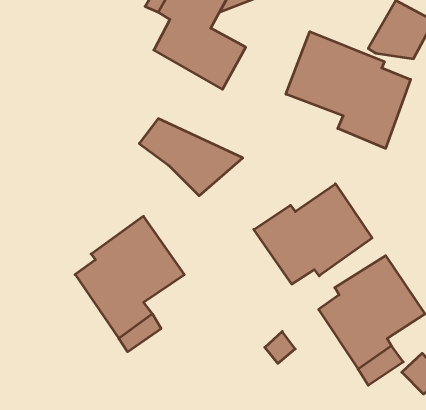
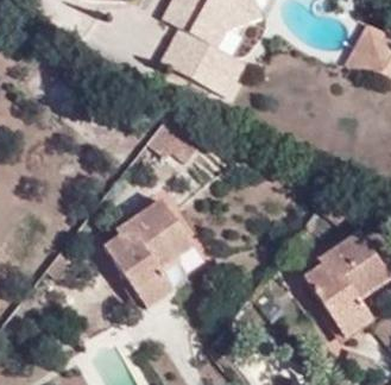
building: [286,32,411,148] -> none
building: [254,184,372,284] -> none

